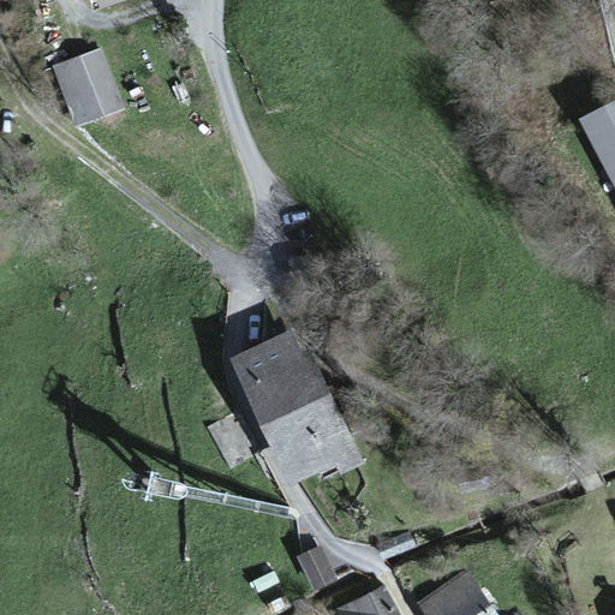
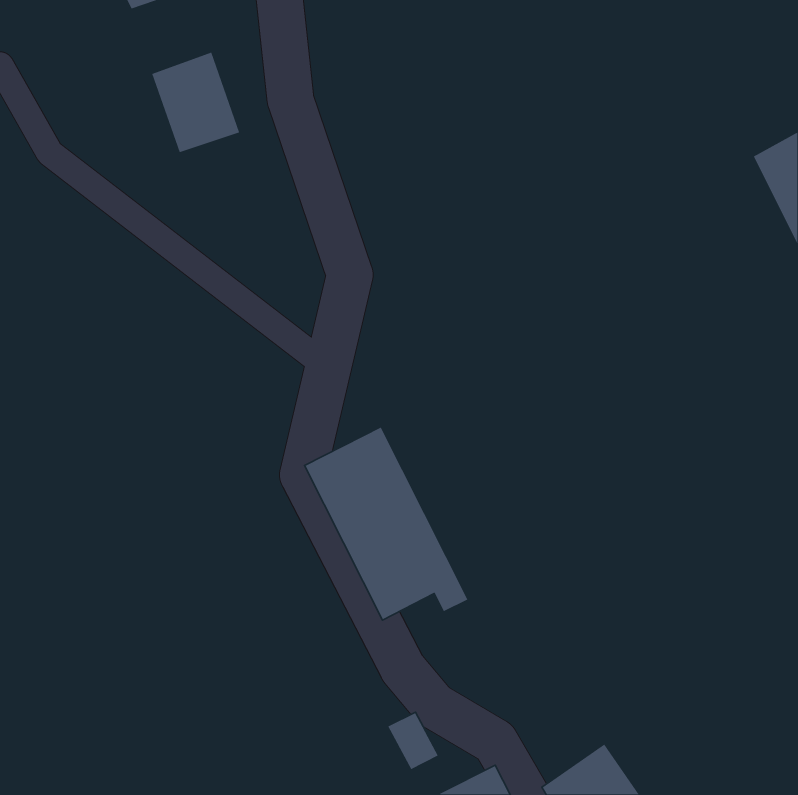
building: [55,48,124,126] -> [151,51,240,153]

